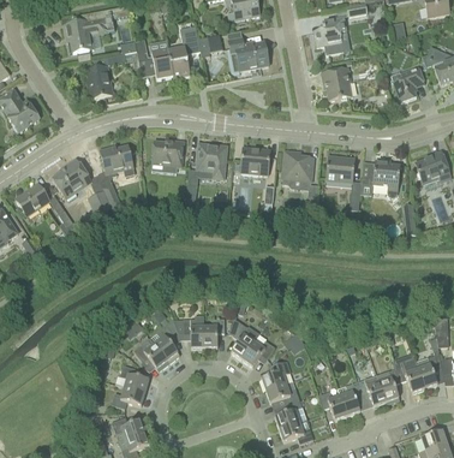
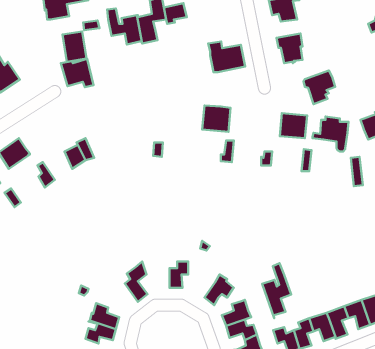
building: [227,37,268,71] -> [208,41,245,72]
building: [389,65,424,102] -> [304,70,335,104]
building: [151,139,184,167] -> none
building: [196,142,227,179] -> none
building: [98,144,135,176] -> [61,59,94,87]
building: [281,150,312,186] -> none
building: [50,157,91,198] -> none
building: [173,315,203,347] -> none
building: none -> [262,263,291,318]
building: [231,322,258,358] -> none
building: [132,338,168,370] -> none

